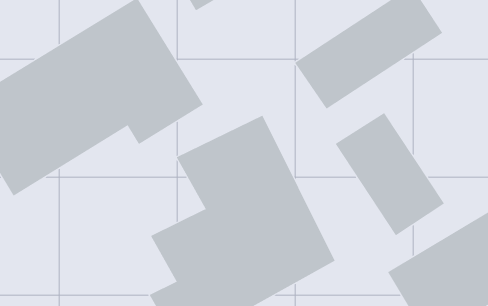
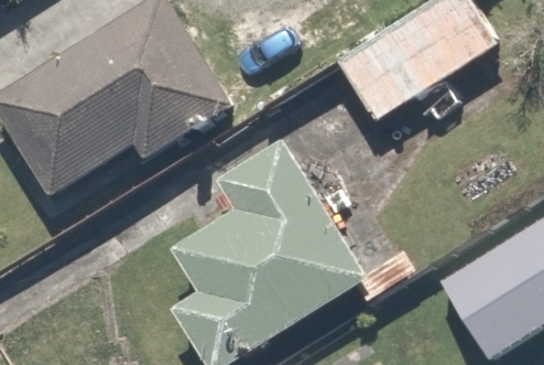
building: [335,112,445,236] -> none

